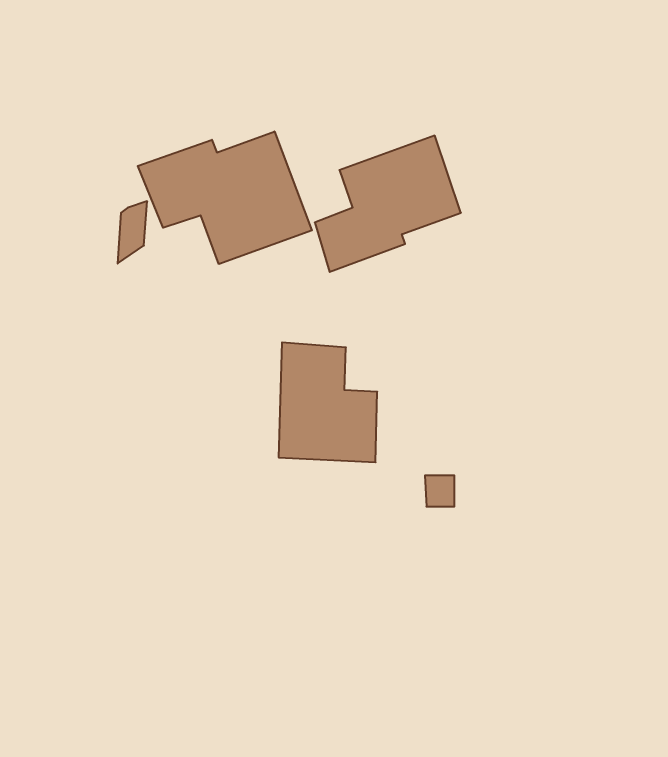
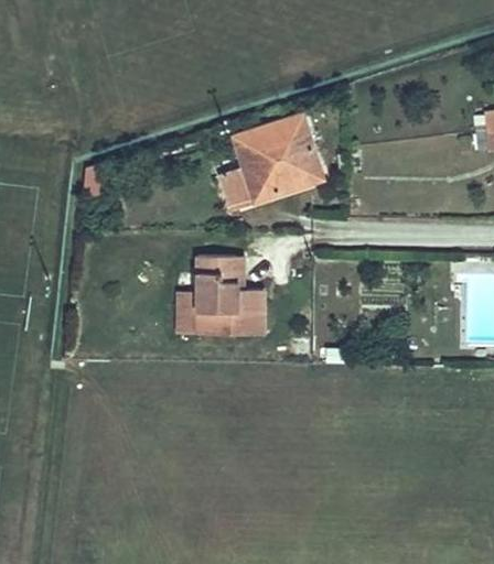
building: [138,131,312,264] -> none

